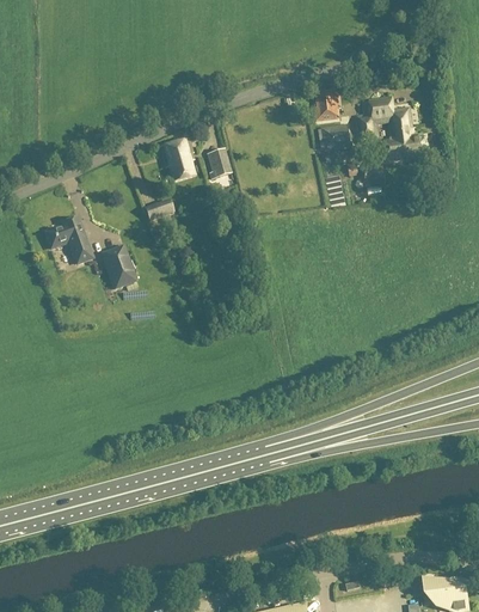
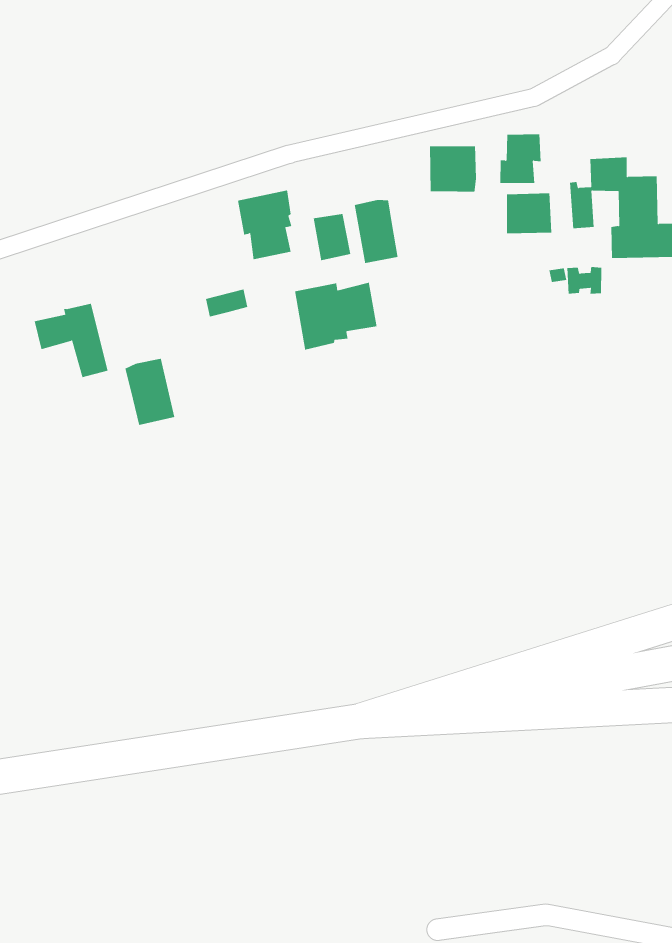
building: none -> [429,145,477,193]
building: none -> [354,199,398,264]
building: none -> [294,282,377,351]

